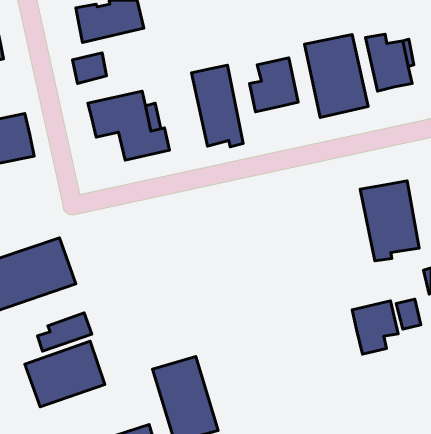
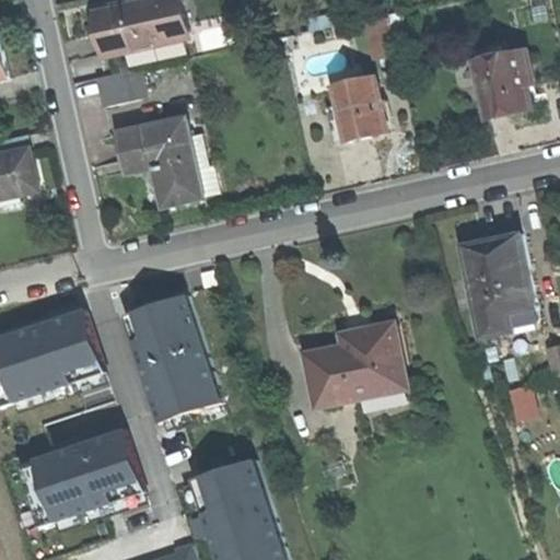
building: [304,34,368,118] -> none
building: [192,65,243,147] -> none
building: none -> [118,287,215,417]
building: none -> [305,318,406,407]
building: [352,301,398,354] -> none

